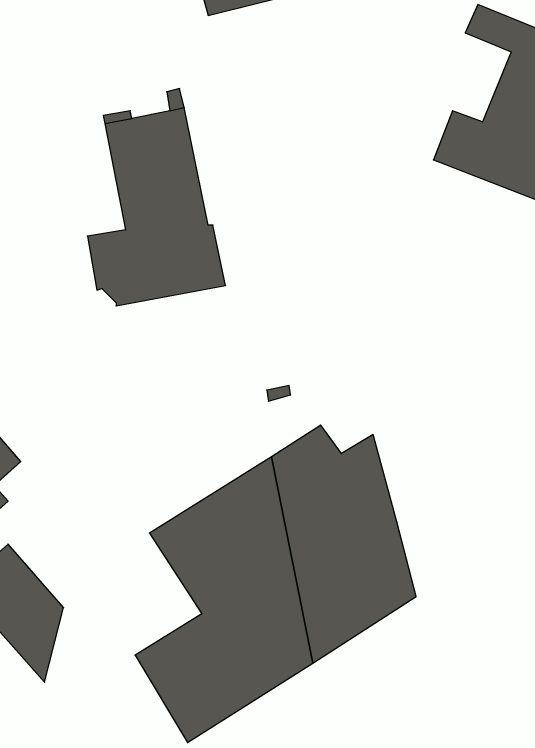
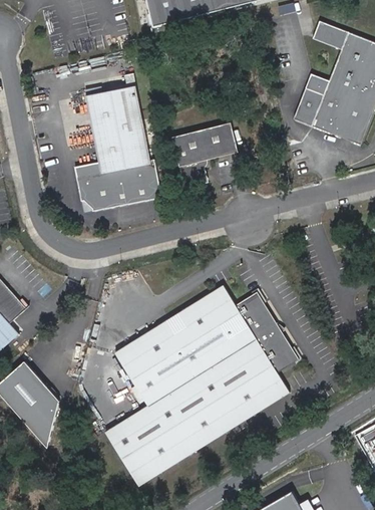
building: none -> [168,121,235,188]
building: none -> [255,291,299,395]

